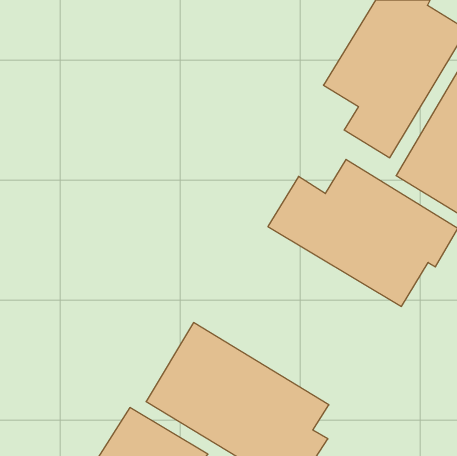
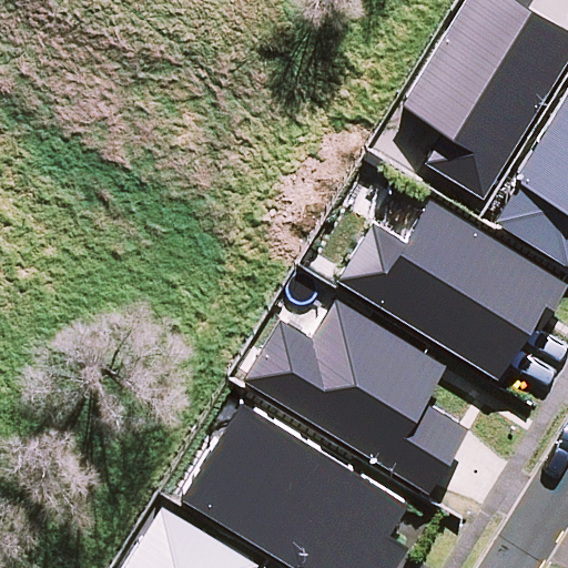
building: none -> [244,301,468,493]

